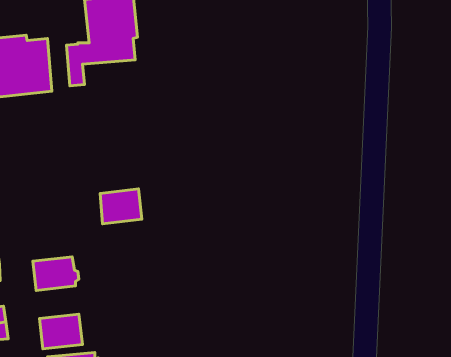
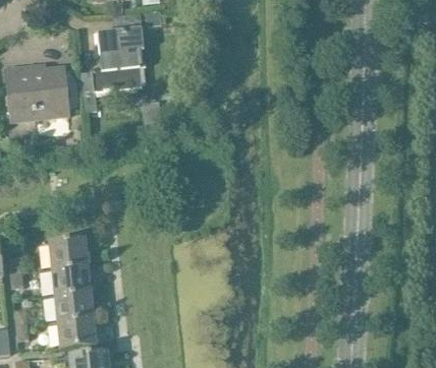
building: [100,189,142,224] -> [49,237,87,268]
building: none -> [54,291,93,320]

